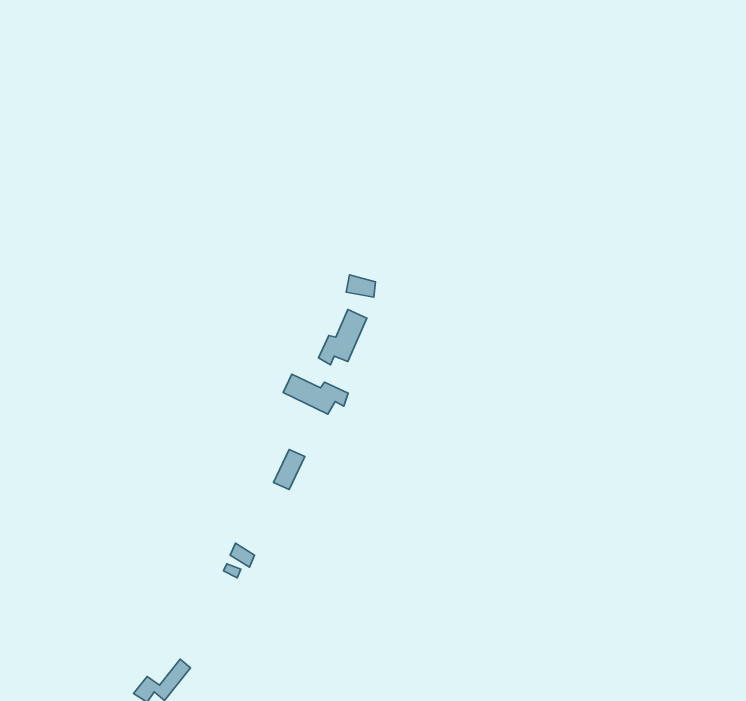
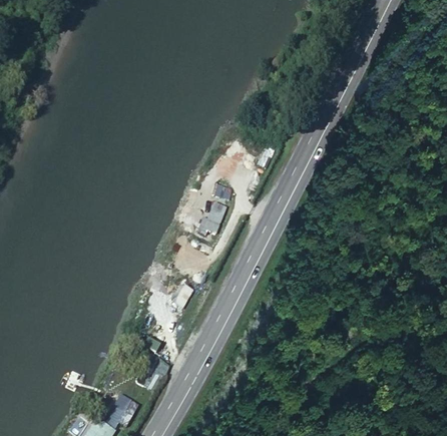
building: [283,374,348,414] -> none

